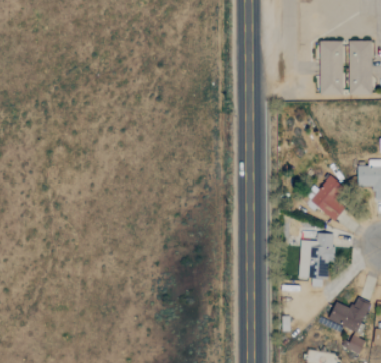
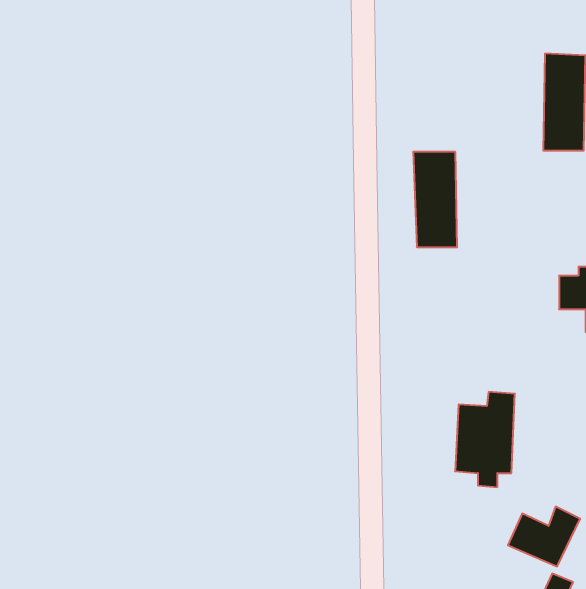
building: [319,40,344,94] -> [413,152,457,247]
building: [310,174,346,220] -> none

